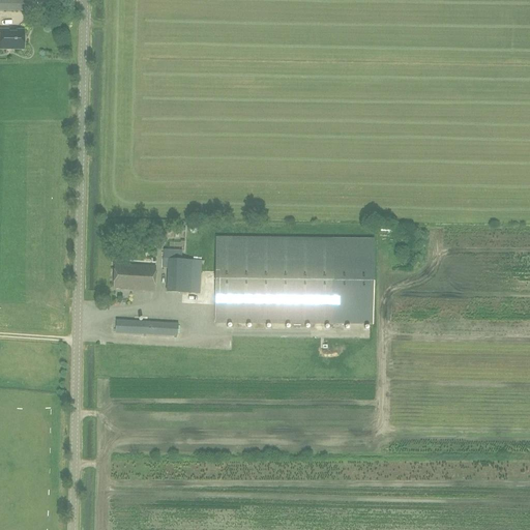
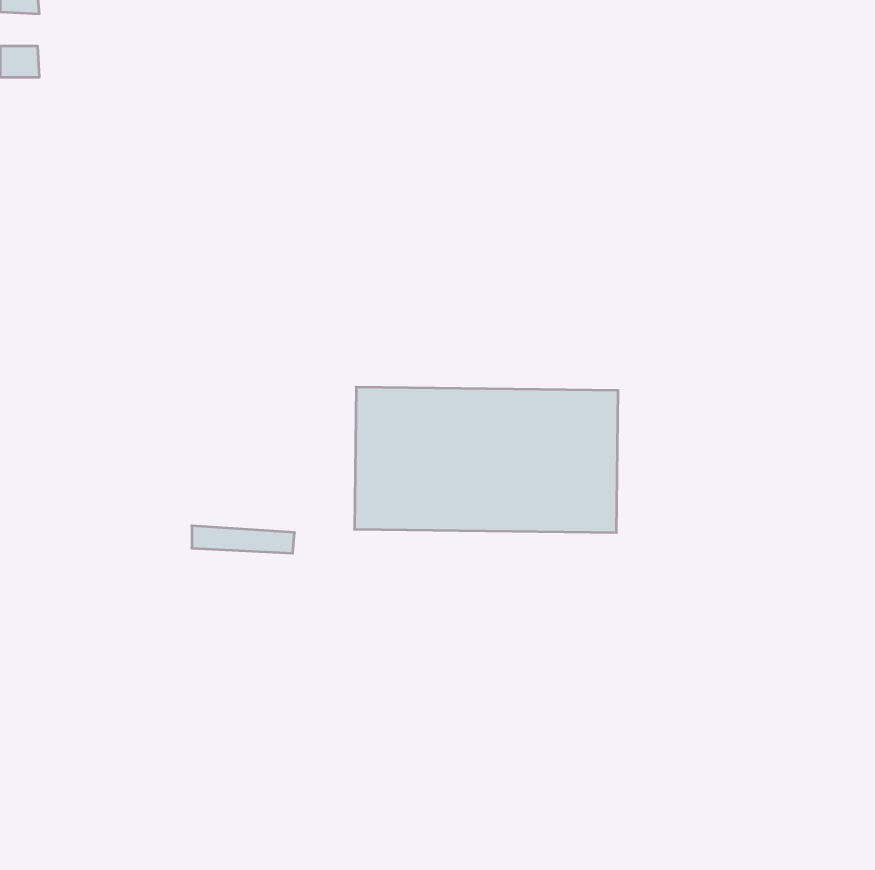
building: [167,257,202,291] -> none
building: [113,261,155,289] -> none

